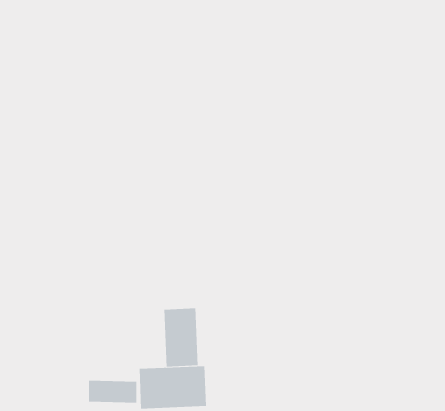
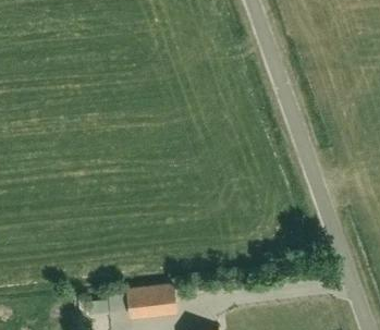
building: [164,308,198,367] -> none

